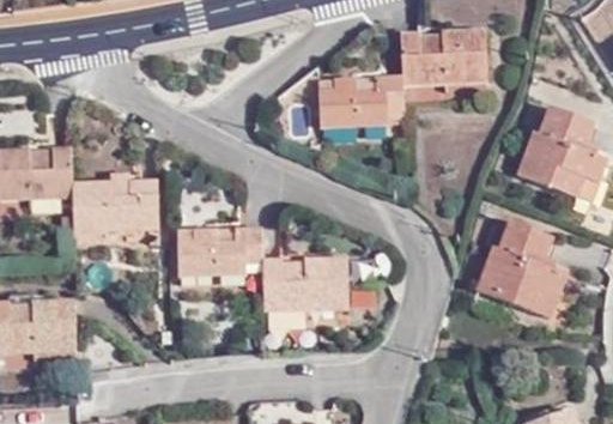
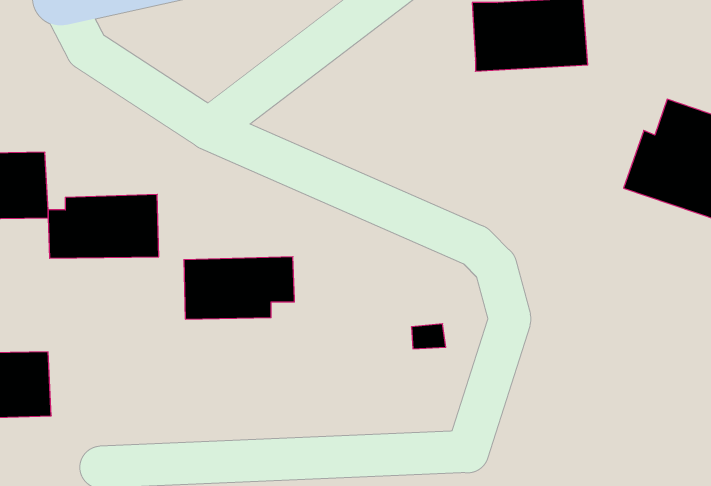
building: [317,77,403,126] -> none
building: [474,222,563,316] -> none
building: [262,259,347,308] -> none

